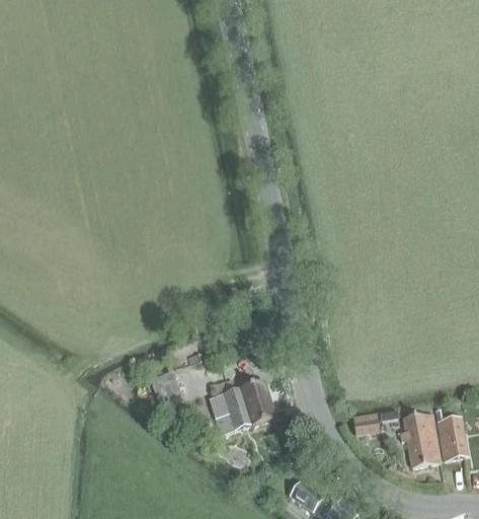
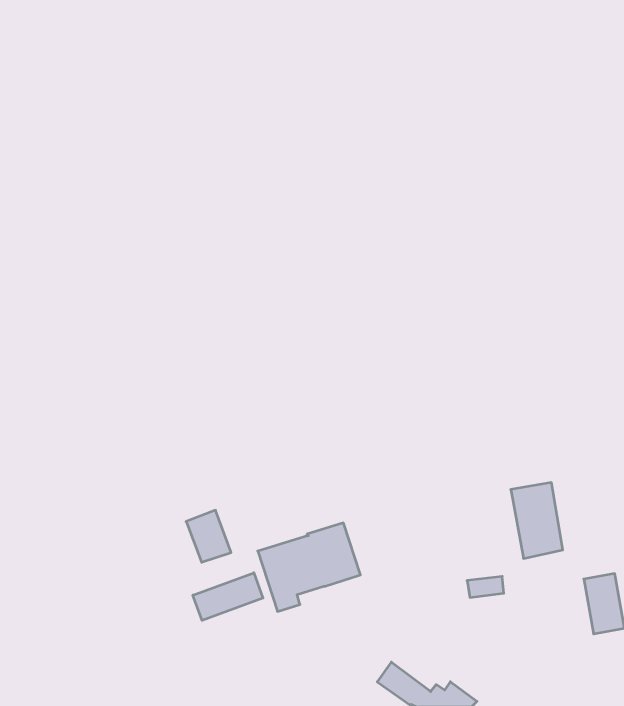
building: [402,412,440,466] -> [511,483,563,558]
building: none -> [193,573,263,620]

